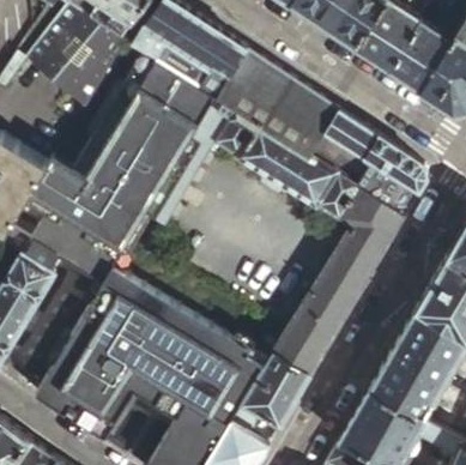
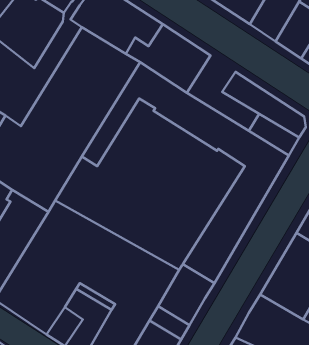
building: [277,90,368,185] -> none

